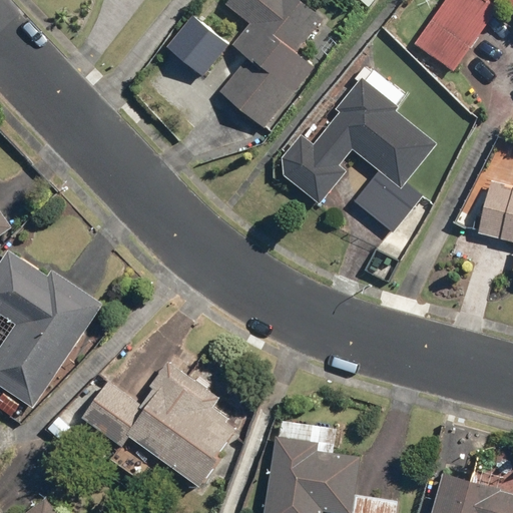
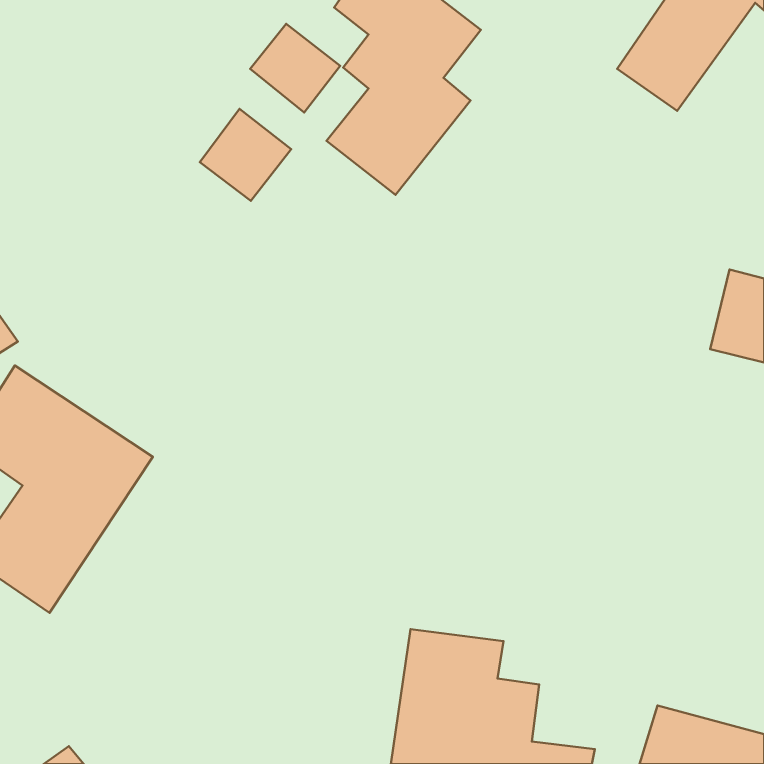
building: [273,69,438,234] -> none
building: none -> [200,109,291,201]
building: [80,359,241,489] -> none

